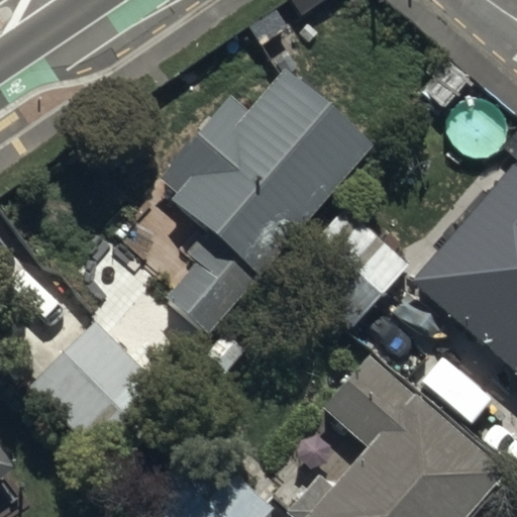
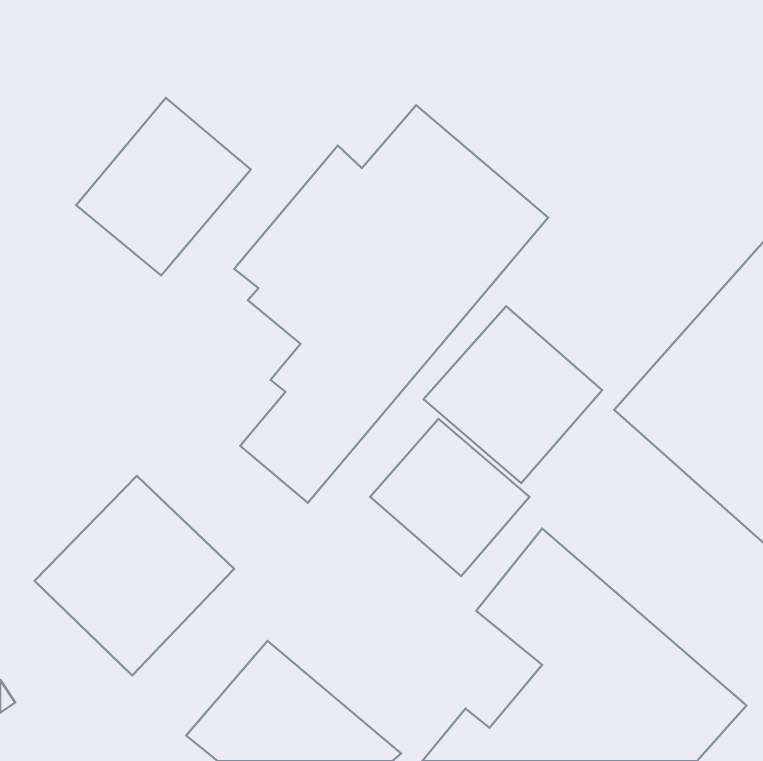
building: none -> [76,98,251,275]
building: none -> [370,419,529,576]

